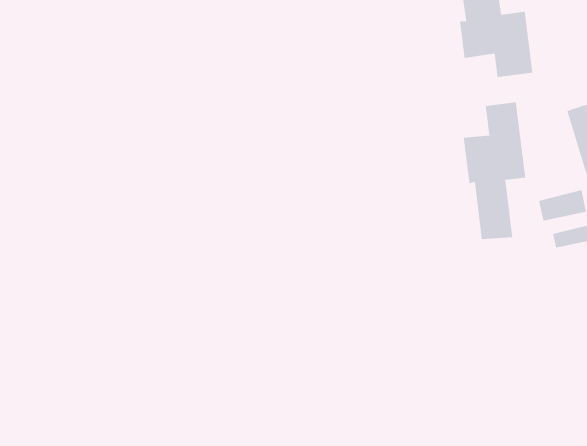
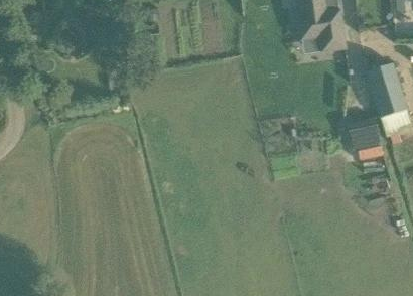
building: [463,102,526,240] -> none

